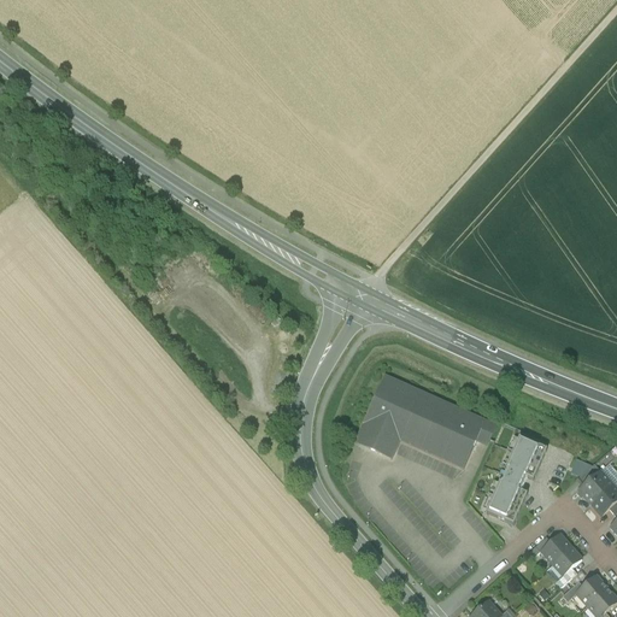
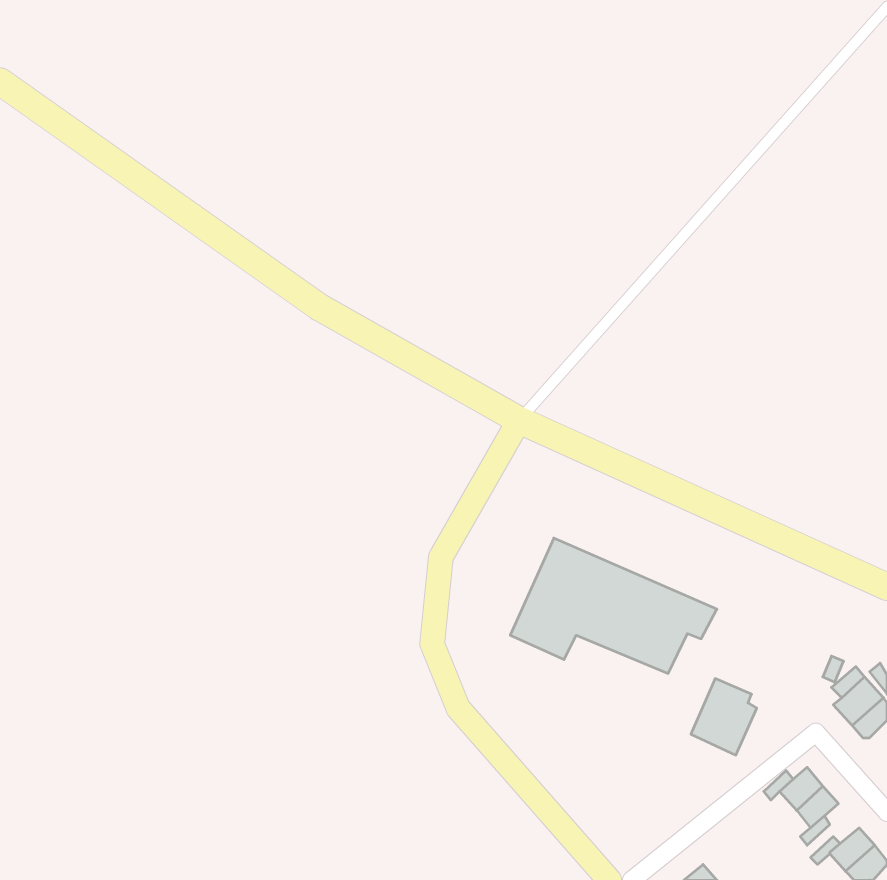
building: [496,433,546,482] -> none

